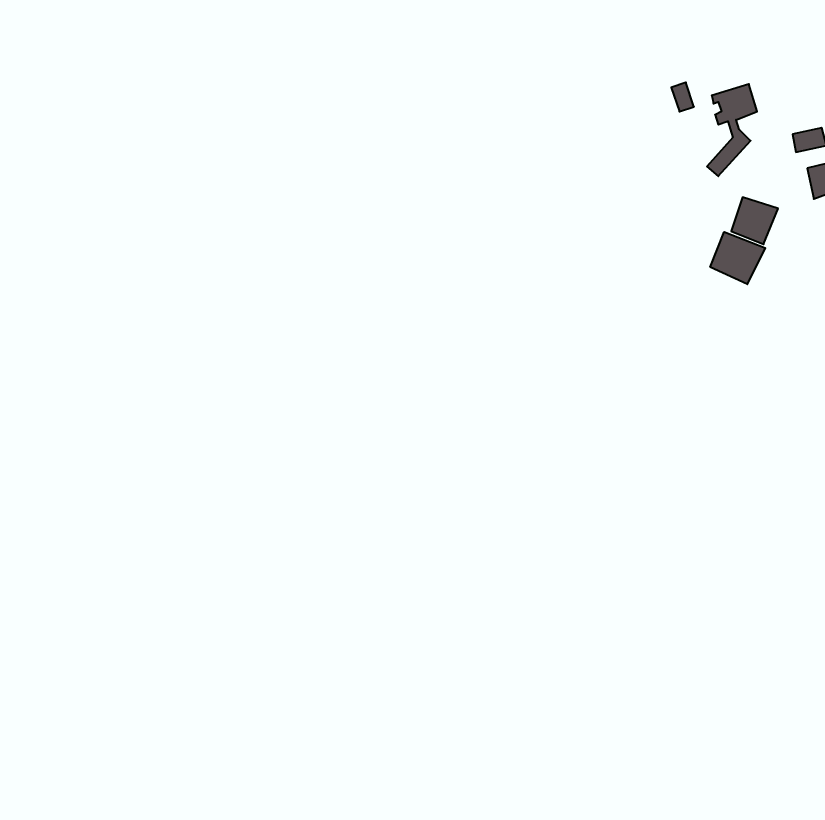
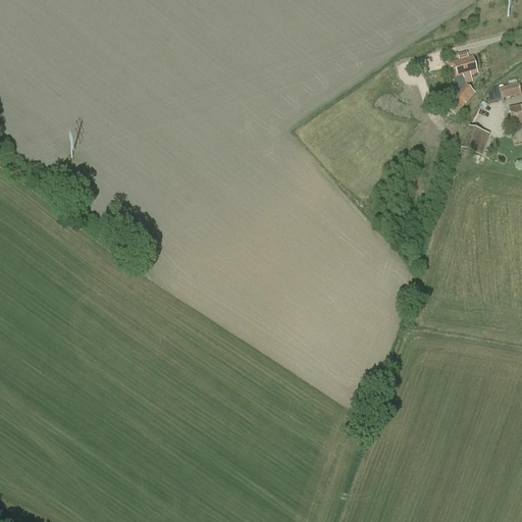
building: [710,232,765,284] -> none

